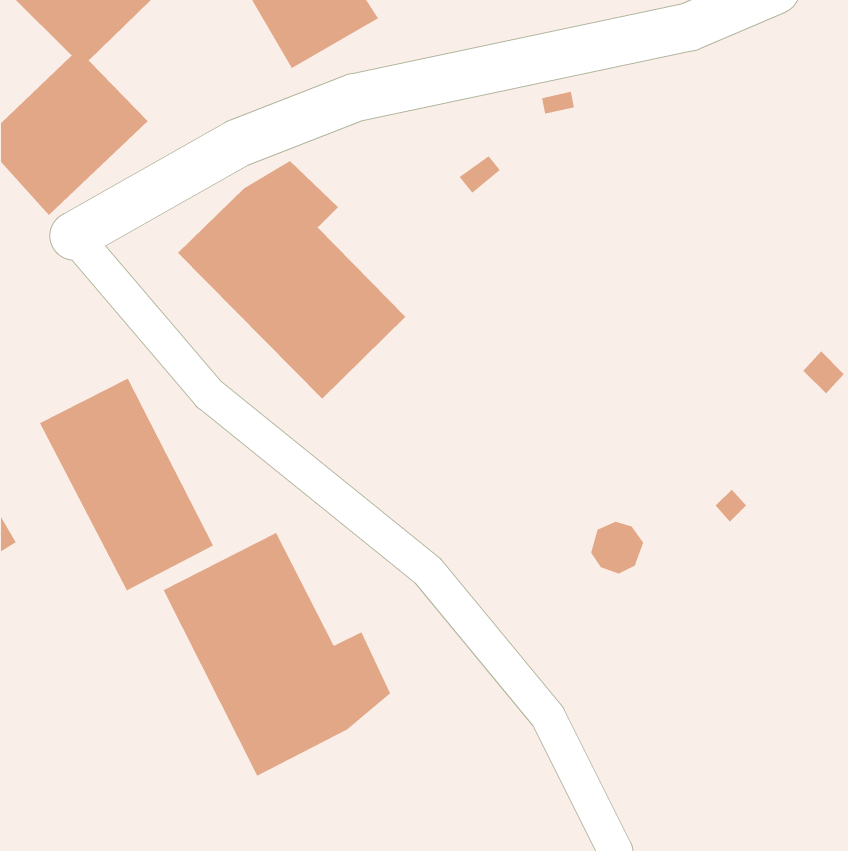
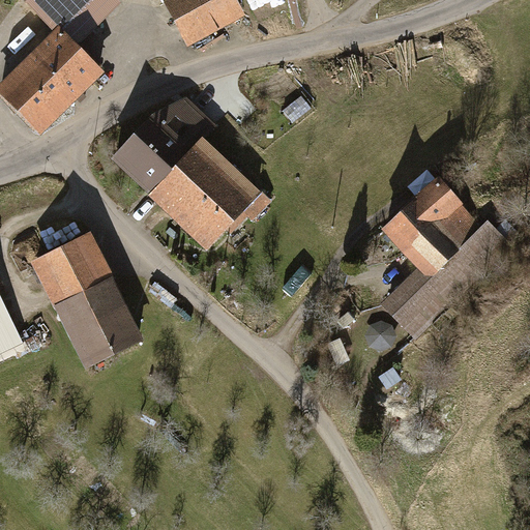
building: none -> [384,178,505,333]
building: [162,532,391,777] -> none

